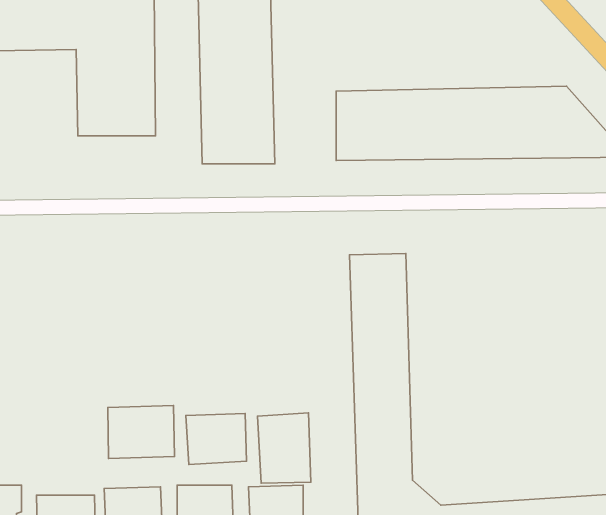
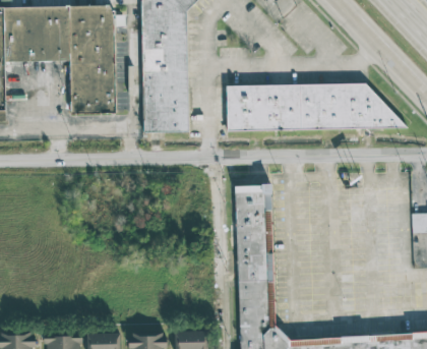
building: [108,405,174,458] -> none
building: [258,413,311,483] -> none
building: [186,414,246,465] -> none

